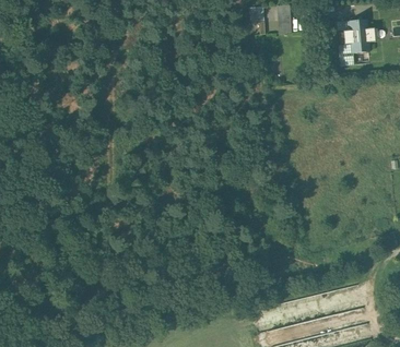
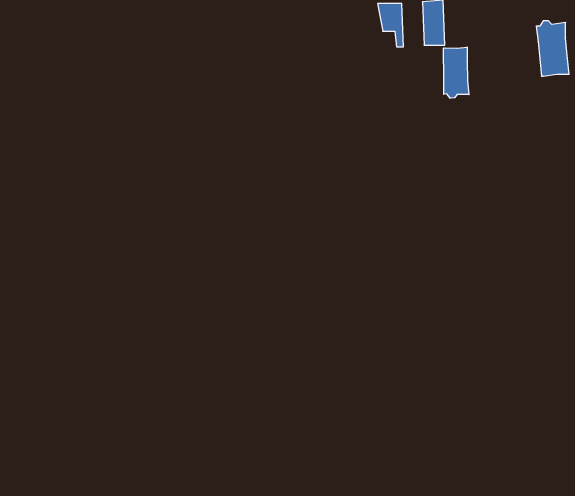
building: none -> [444,47,469,98]

